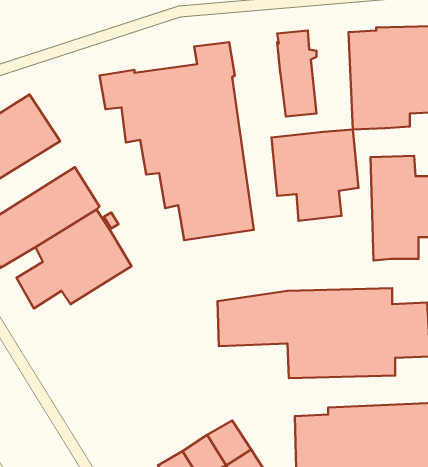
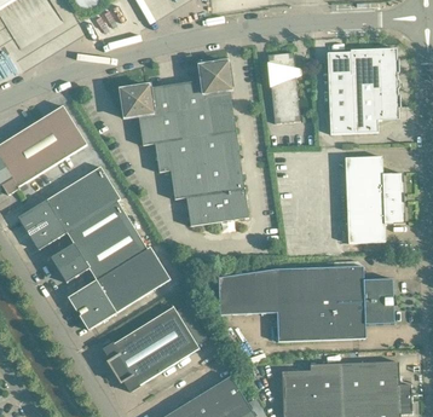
building: [272,129,359,221] -> none
building: none -> [68,245,171,330]
building: none -> [103,303,207,392]

